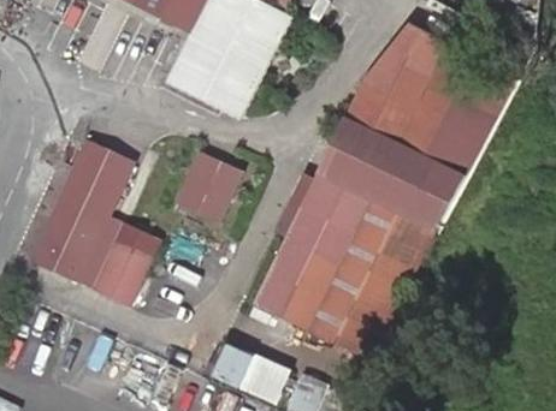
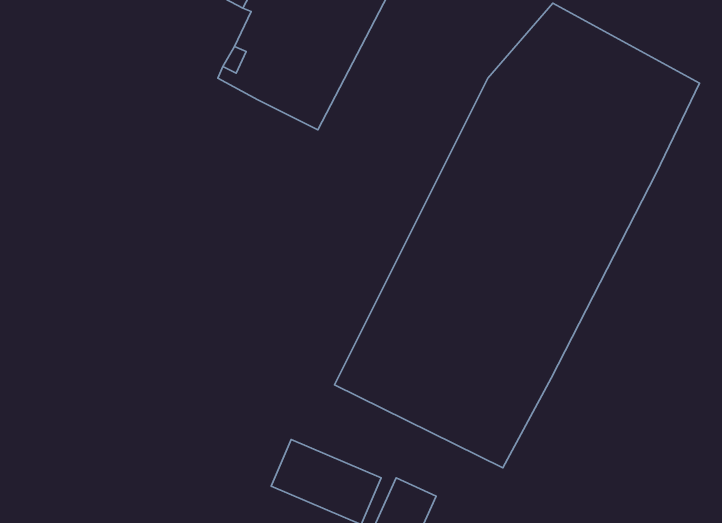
building: [30,138,129,279] -> none
building: [171,150,237,220] -> none
building: [91,237,148,302] -> none

